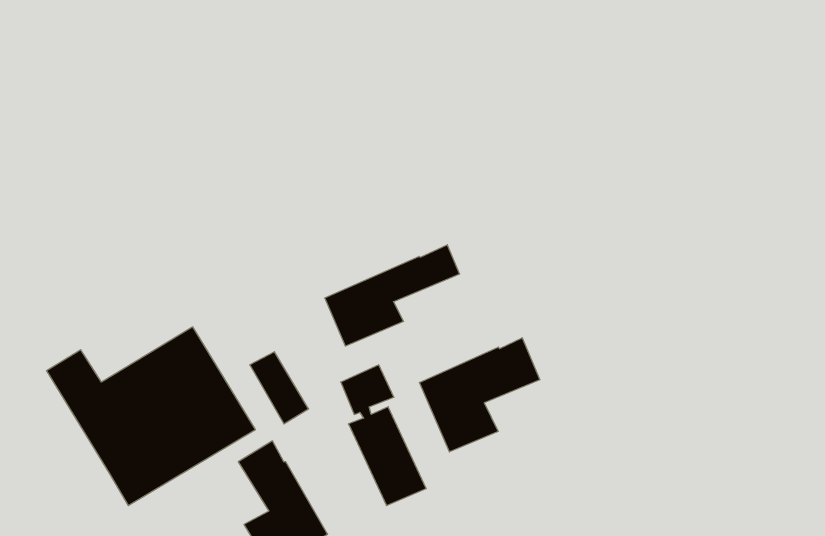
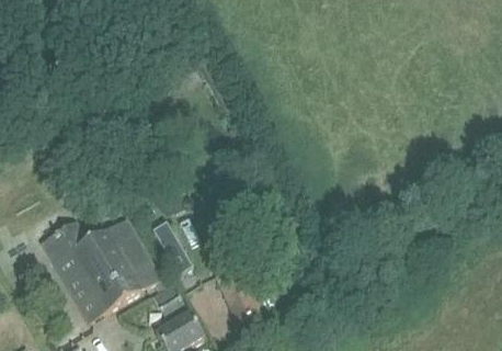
building: [325,245,459,346] -> none
building: [420,338,540,452] -> none

